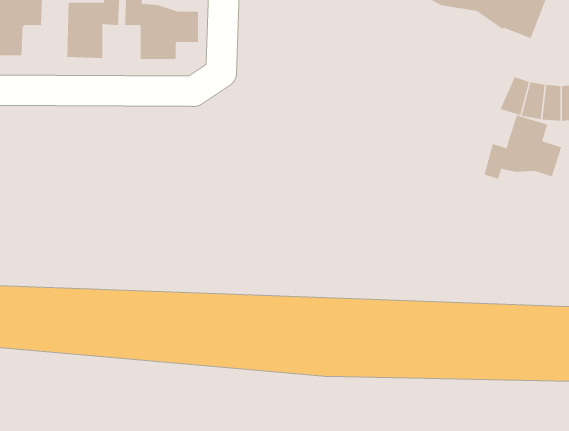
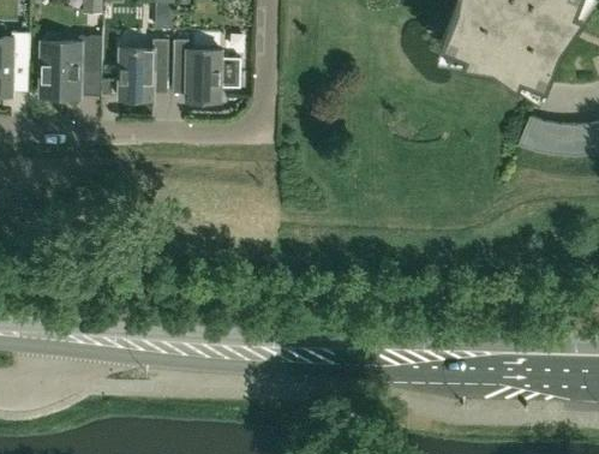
building: [484,114,562,180] -> none

